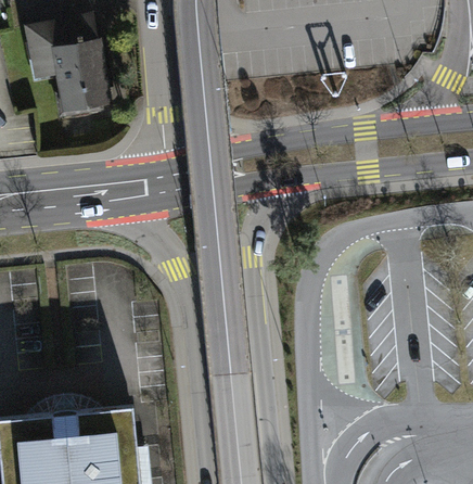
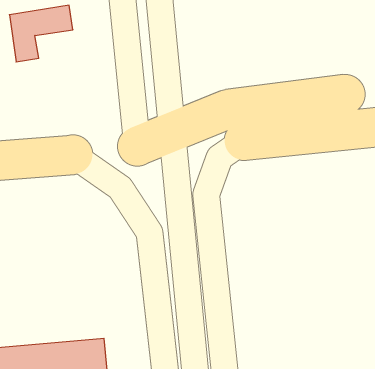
building: [54,44,107,119] -> none

